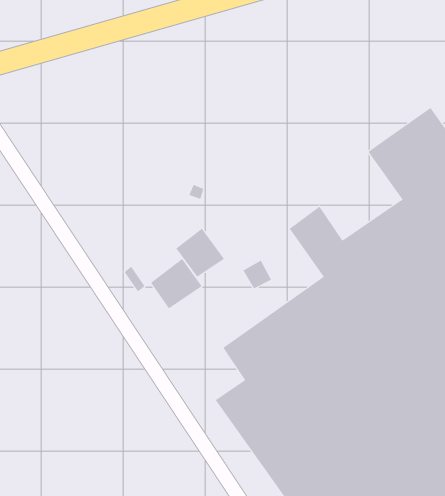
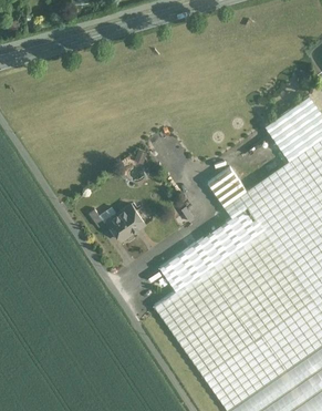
building: [176,228,225,278] -> none

